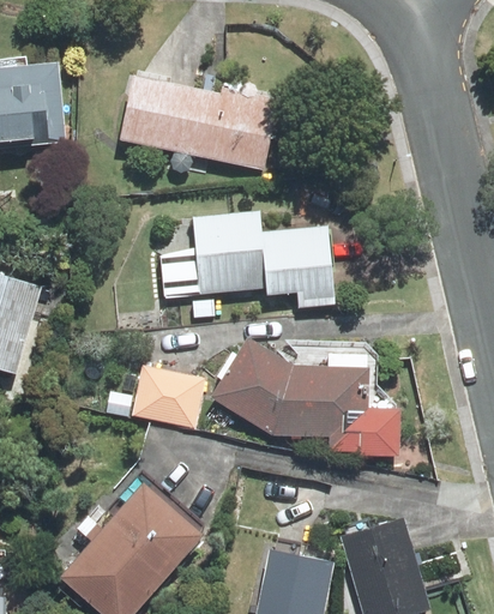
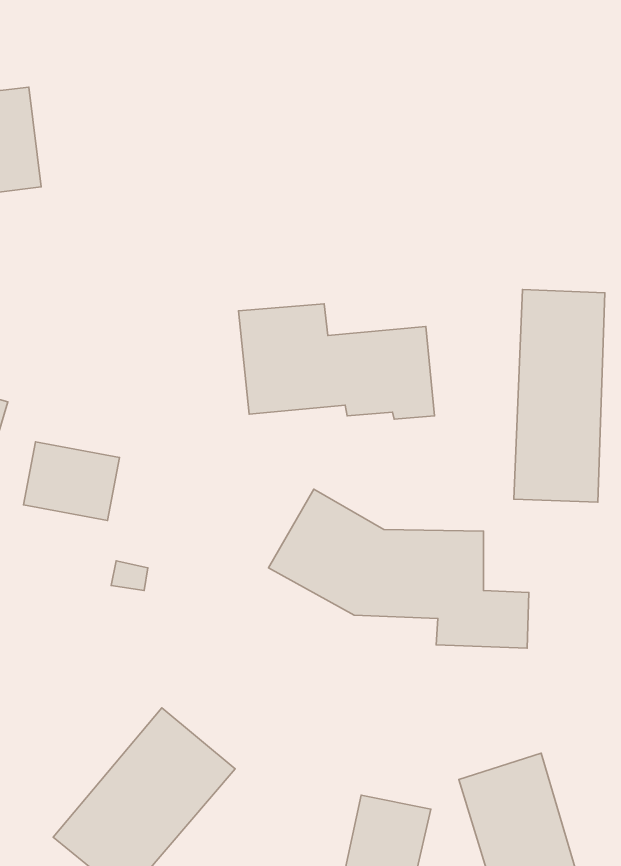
building: [120,82,277,164] -> none
building: none -> [514,290,605,502]
building: [139,368,205,422] -> [23,442,120,521]

